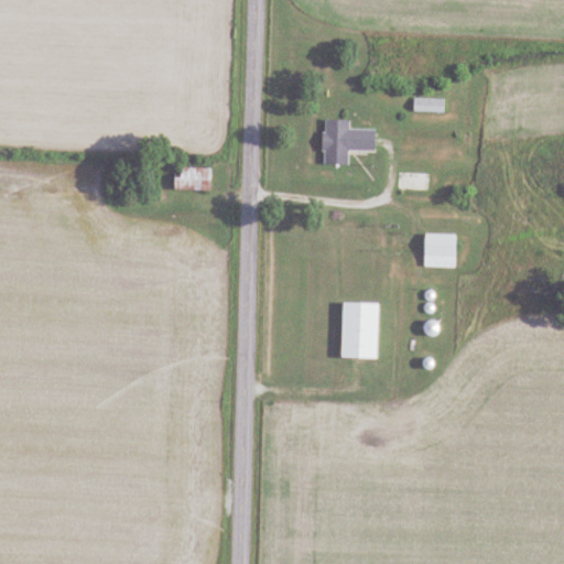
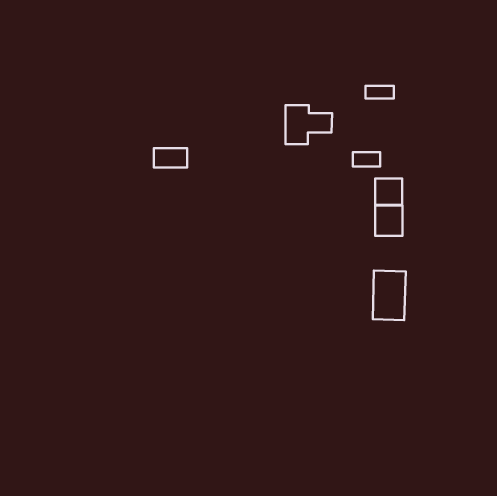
building: none -> [375,179,402,205]
building: [341,301,379,357] -> [373,270,406,320]

